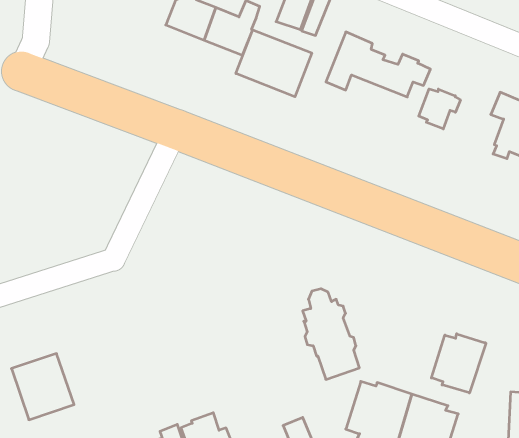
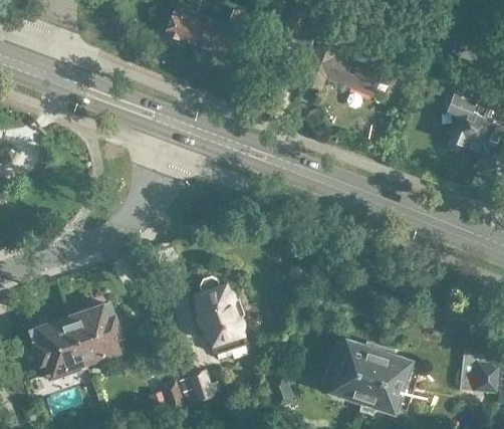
building: [236,30,312,97] -> none
building: [419,89,460,129] -> none
building: [303,289,359,379] -> [195,277,244,356]
building: [431,334,486,393] -> none
building: none -> [70,305,122,363]

